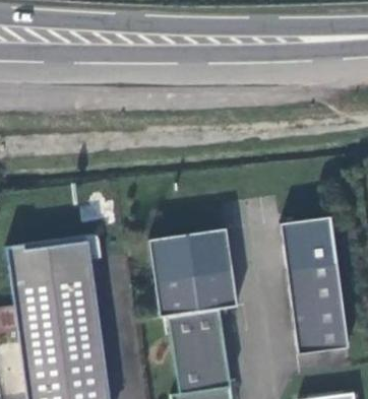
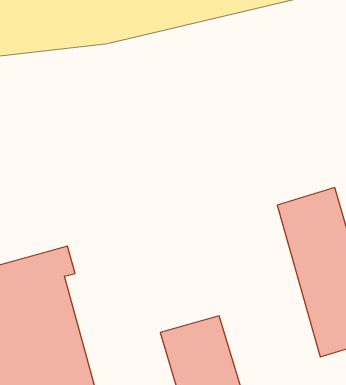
building: [147,229,236,318] -> none

